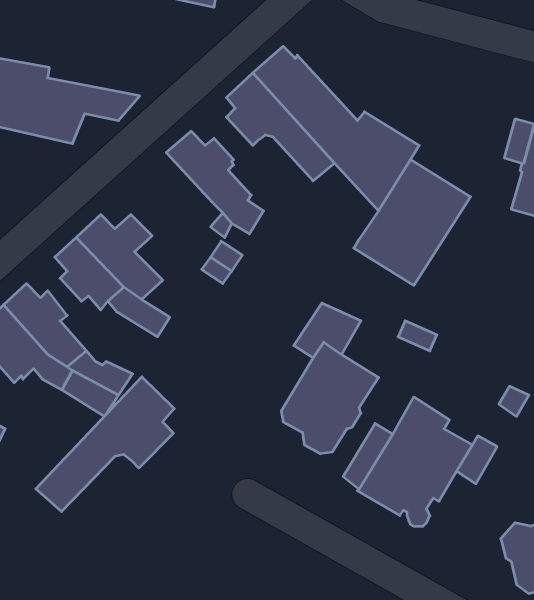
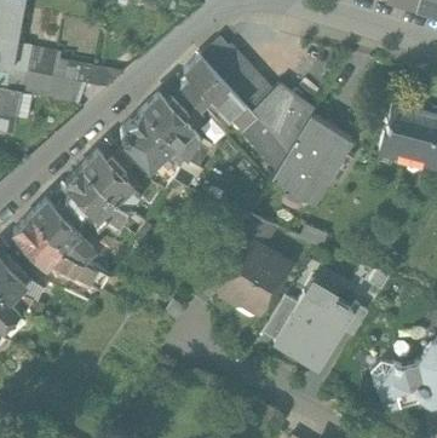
building: none -> [121,111,174,169]
building: none -> [243,119,288,171]
building: [36,377,174,512] -> none

